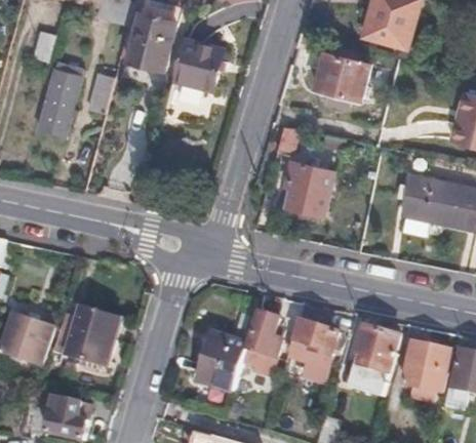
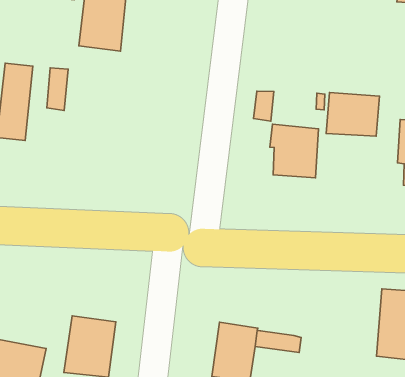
building: [173,38,228,90] -> none
building: [315,53,369,100] -> [326,92,380,136]
building: [249,312,284,355] -> none
building: [289,324,336,388] -> none

